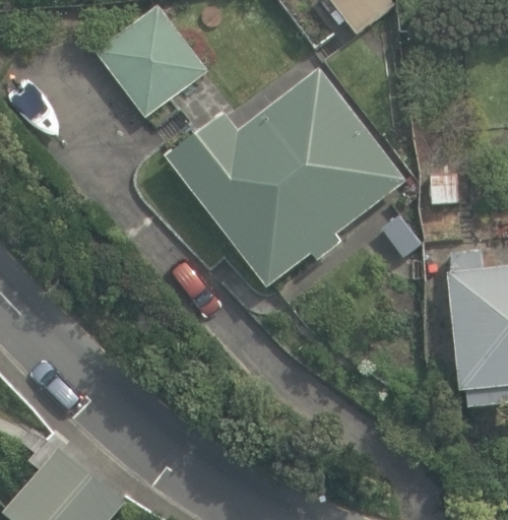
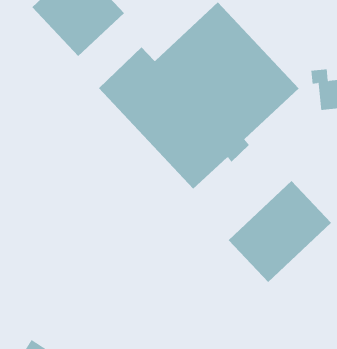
building: none -> [228,180,332,283]

